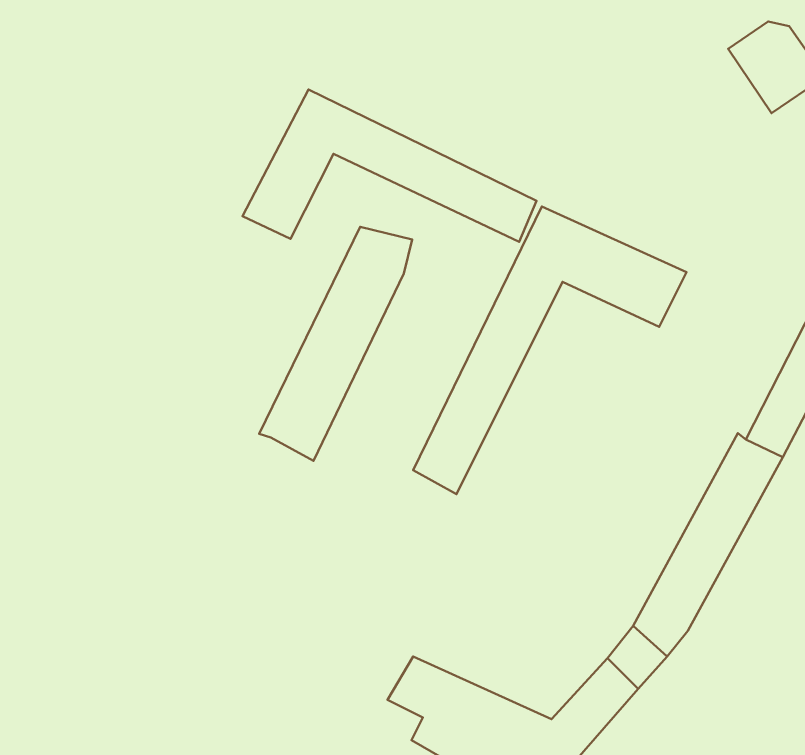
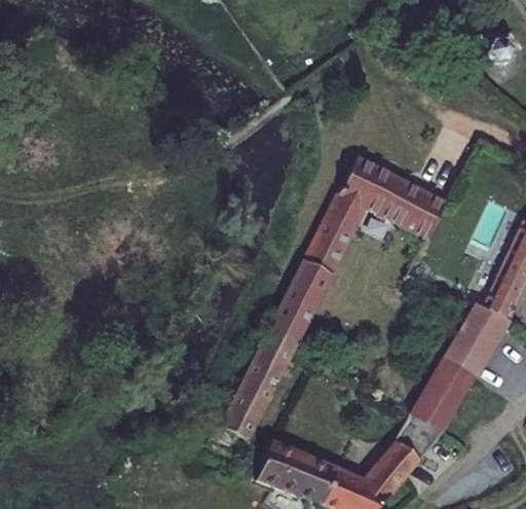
building: [243,90,537,242] -> none
building: [259,227,412,461] -> none
building: none -> [223,322,300,437]

